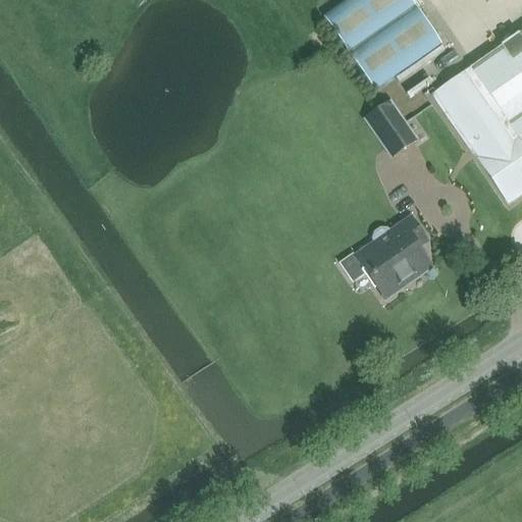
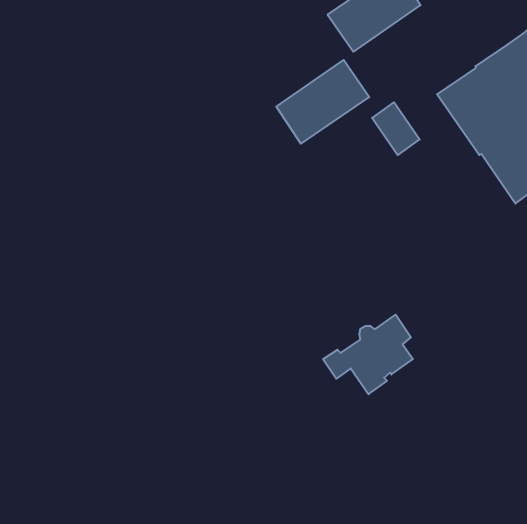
building: [350,5,441,88] -> [276,60,369,144]
building: [341,217,429,296] -> [323,315,413,394]

